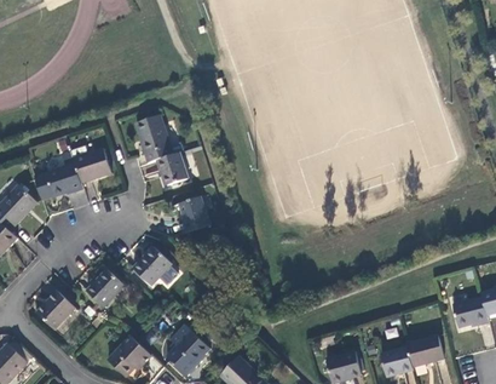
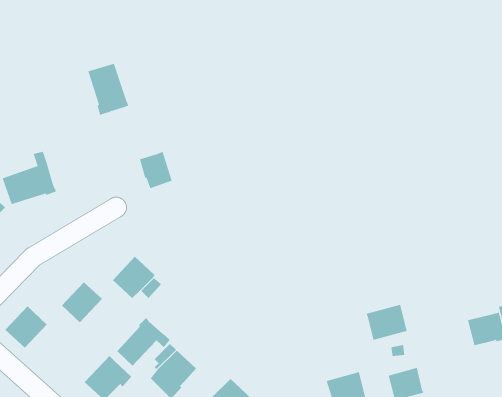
building: [135,115,173,162] -> [87,63,129,115]
building: [71,147,111,183] -> none
building: [179,196,210,231] -> none
building: none -> [116,317,171,367]
building: [406,334,444,367] -> [366,304,408,340]

